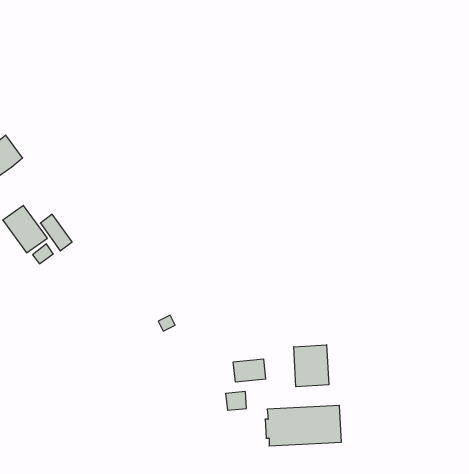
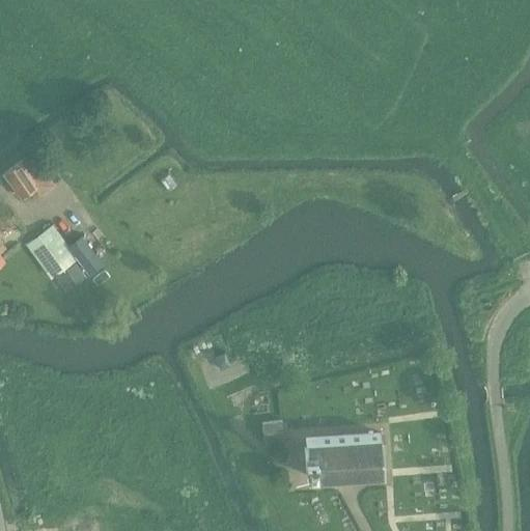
building: [294,345,329,387] -> none
building: [233,359,266,382] -> none

